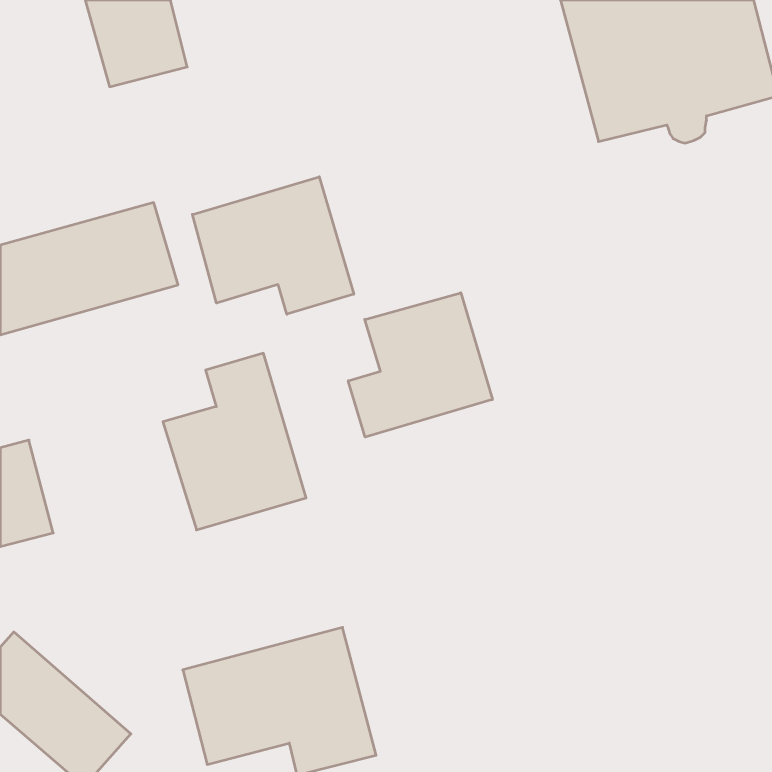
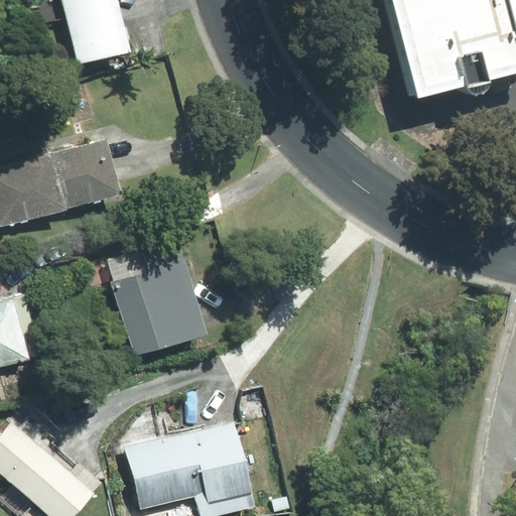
building: [192,177,354,314] -> none
building: [348,293,492,437] -> none

